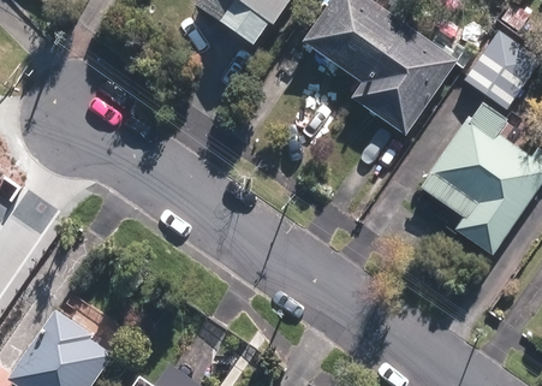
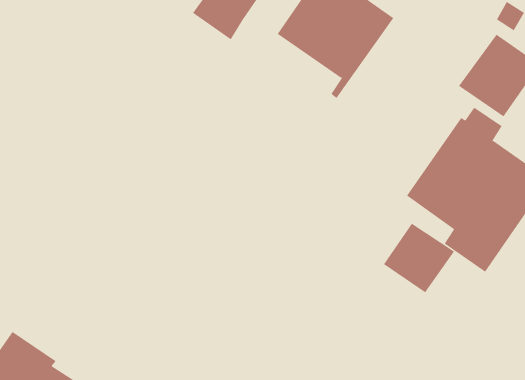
building: [353,20,454,129] -> none
building: none -> [383,223,455,293]

